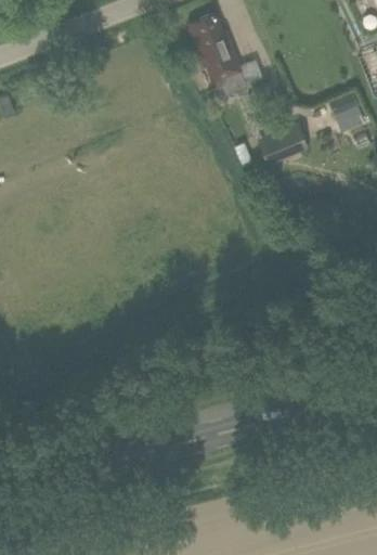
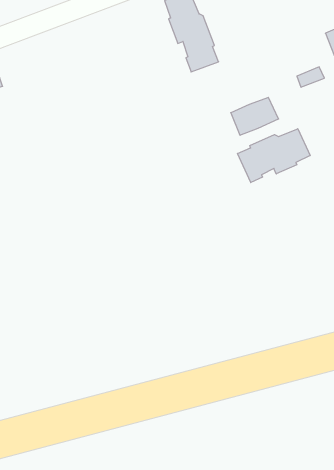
building: none -> [238,129,310,183]

